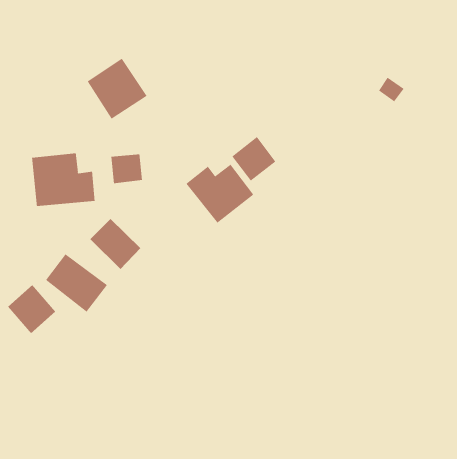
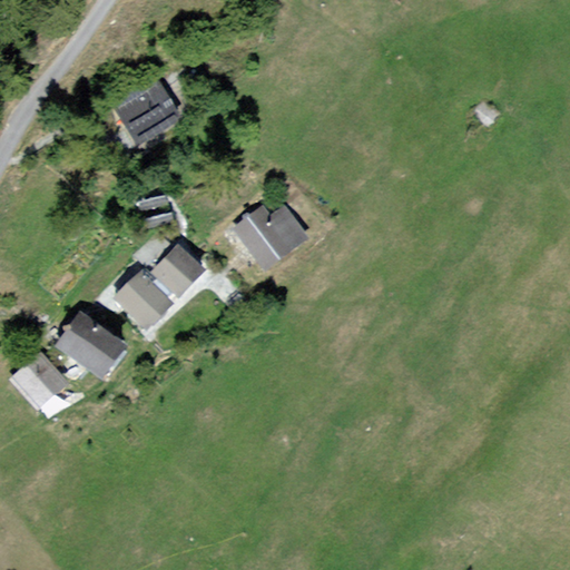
building: [232,136,276,182] -> none
building: [31,152,95,207] -> none
building: none -> [149,242,209,301]

